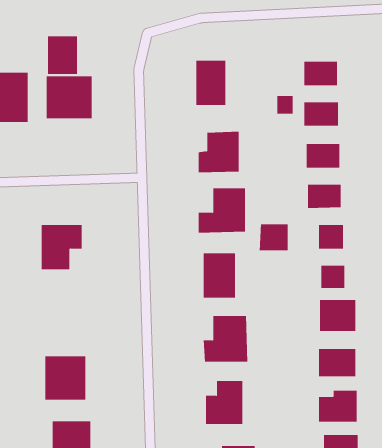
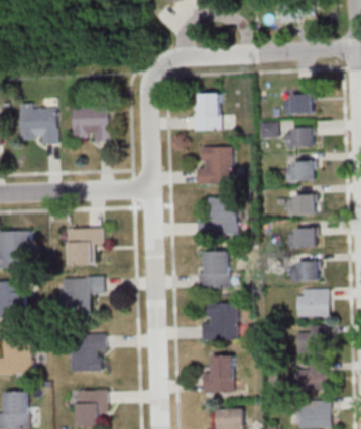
building: [48,36,78,75] -> none
building: [259,224,288,251] -> none
building: none -> [64,276,103,312]

